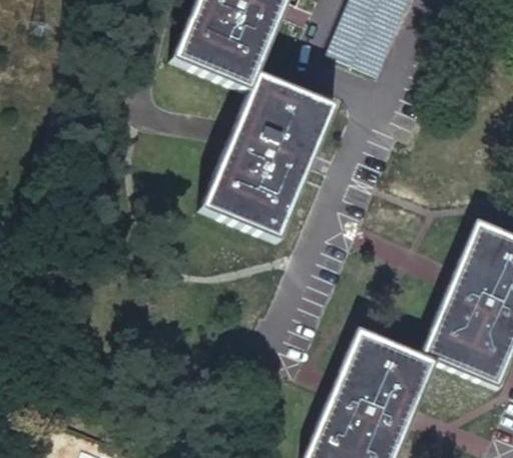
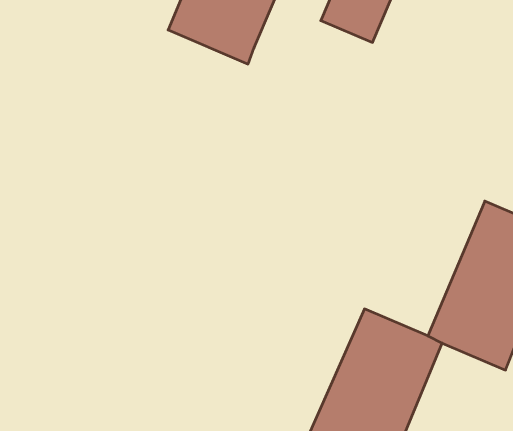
building: [200,75,337,243] -> none

